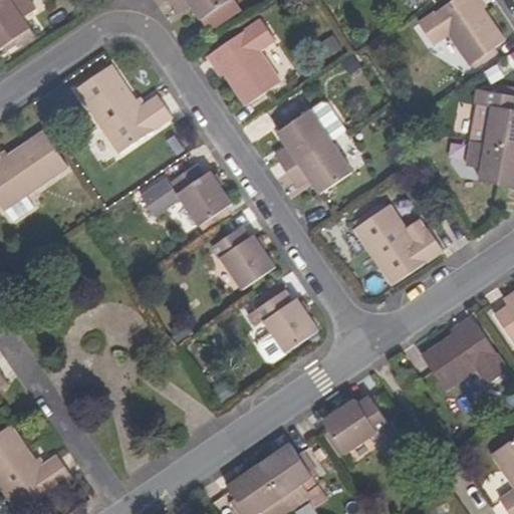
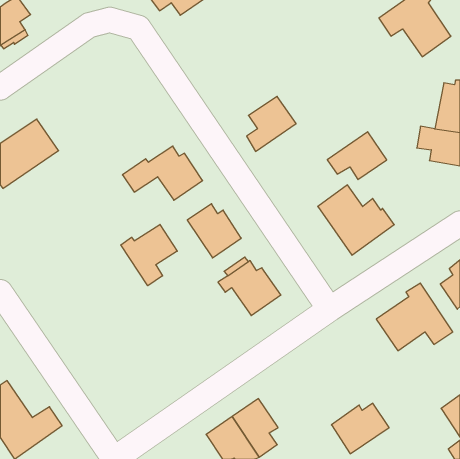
building: [208,18,281,102] -> none
building: [73,68,168,154] -> none
building: [285,138,351,191] -> [327,132,387,180]
building: none -> [121,224,177,286]
building: [323,396,388,452] -> [331,403,389,454]

